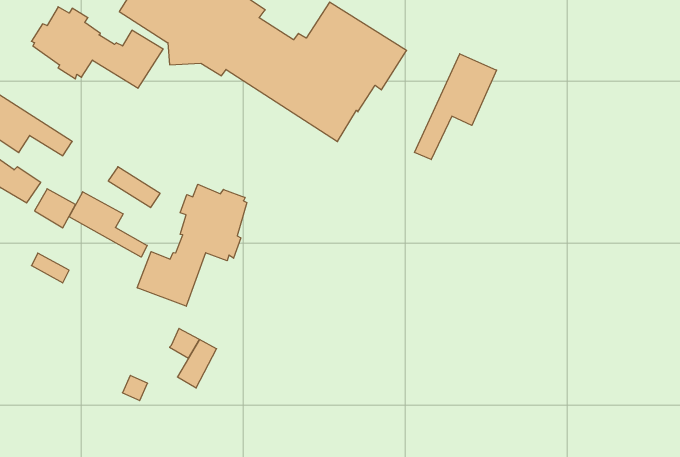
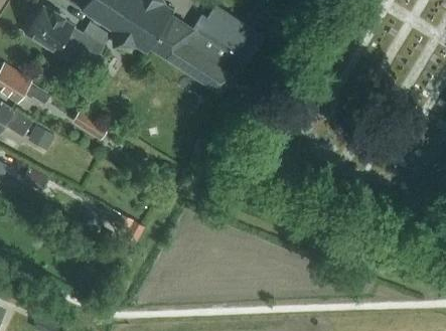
building: [414,54,497,160] -> none
building: [137,184,247,306] -> none
building: [69,192,147,257] -> none

